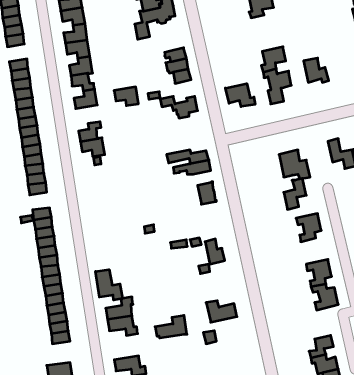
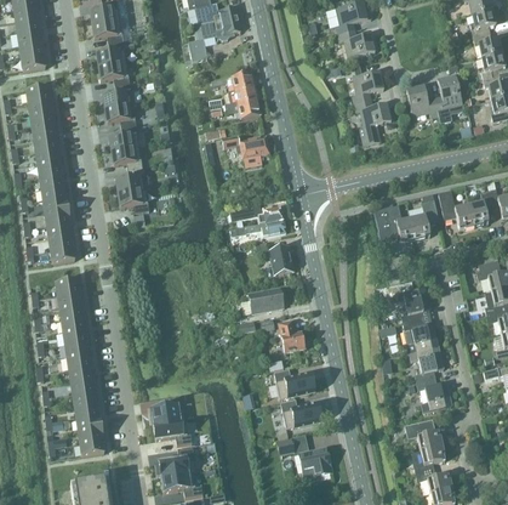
building: none -> [338,29,375,57]
building: none -> [434,78,463,123]
building: [225,84,255,107] -> none
building: [114,87,138,106] -> [112,146,143,170]
building: [284,178,306,209] -> [410,199,439,239]
building: none -> [249,288,284,312]
building: none -> [403,318,438,352]
building: [96,270,122,300] -> none
building: none -> [274,369,314,397]
building: [155,315,187,338] -> [155,447,196,476]
building: none -> [405,419,441,449]
building: none -> [298,447,331,481]

